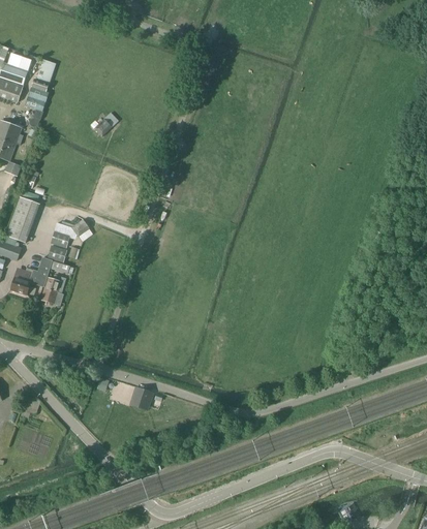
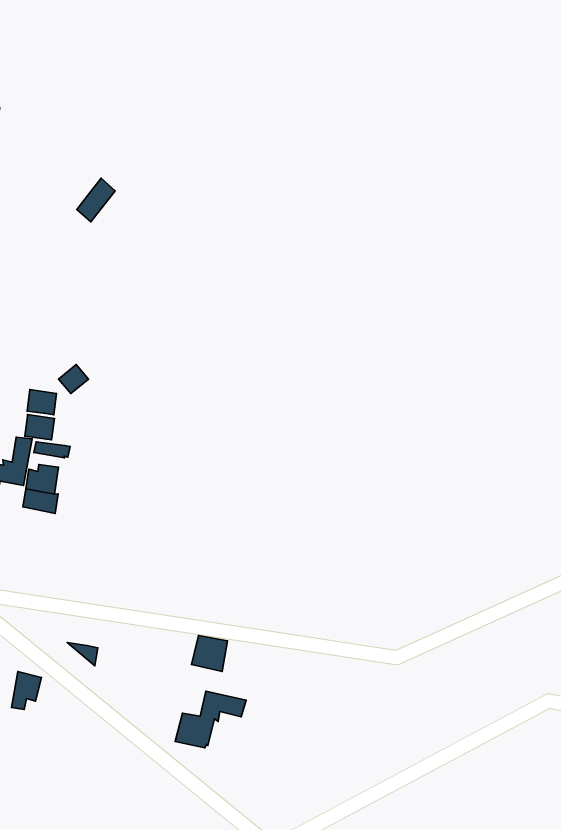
building: none -> [175,691,246,748]

